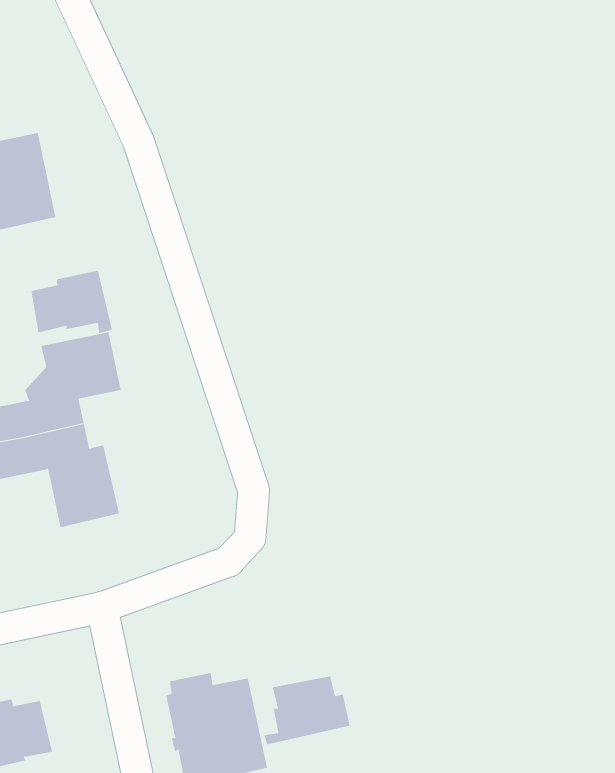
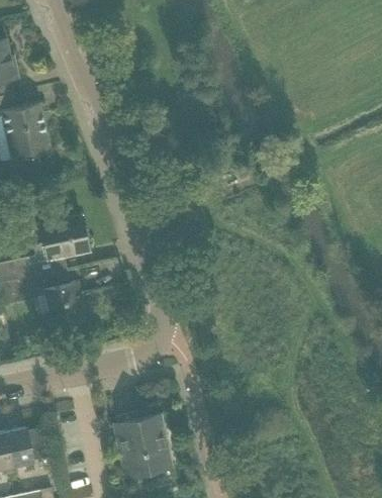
building: [31,270,112,334] -> none
building: [264,675,350,745] -> none

